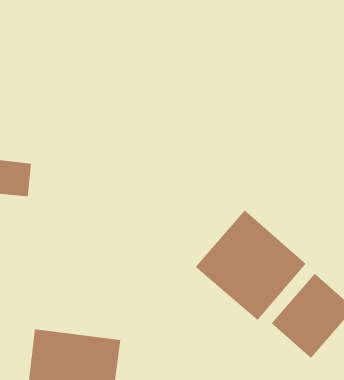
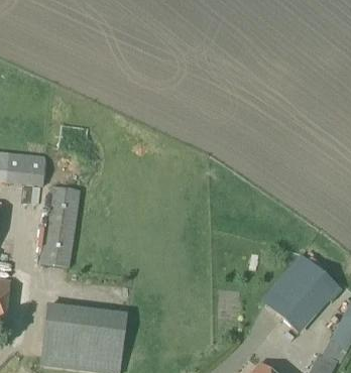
building: none -> [40,185,81,268]
building: [195,209,307,321] -> none

